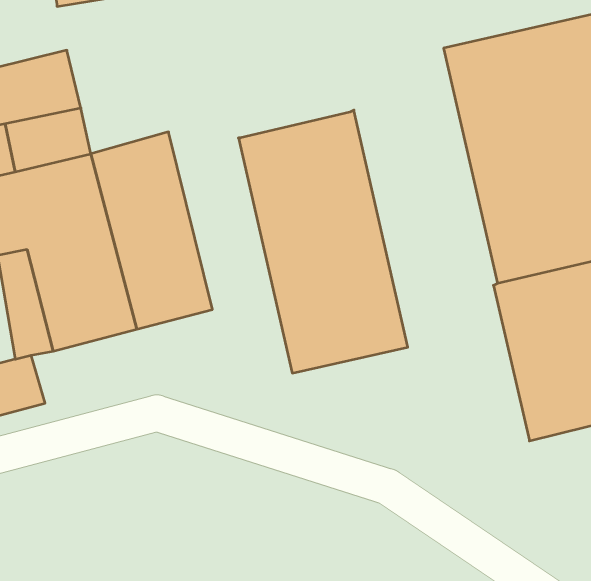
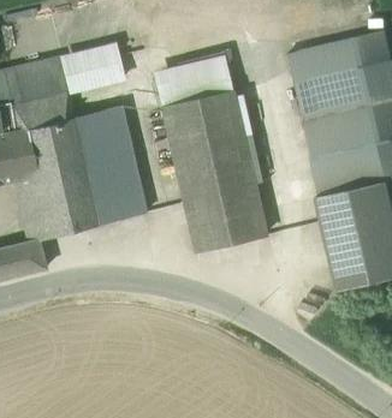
building: none -> [63,47,121,91]
building: none -> [158,62,230,108]

